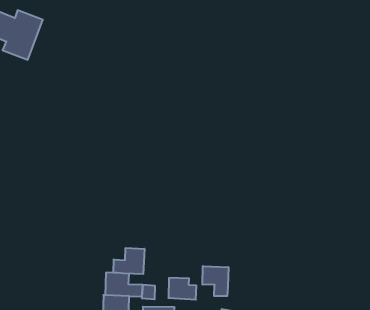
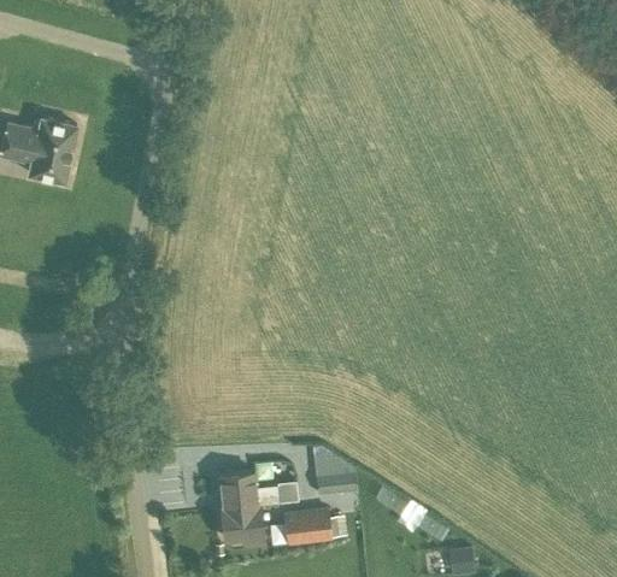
building: [114,248,144,274] -> none
building: [202,266,228,296] -> none

